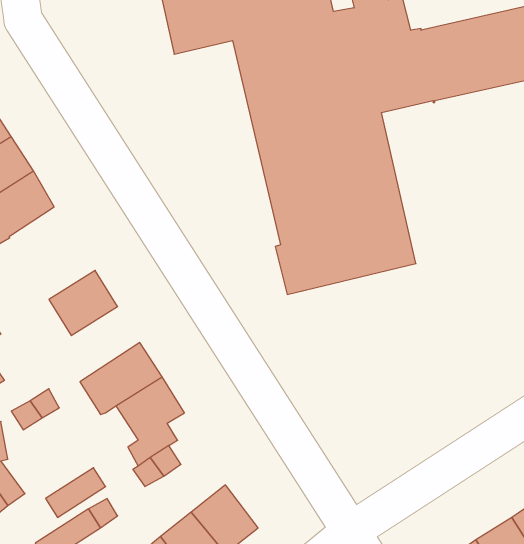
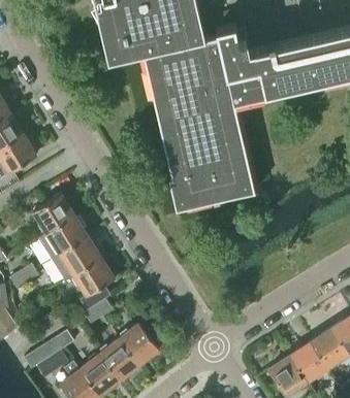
building: none -> [36,217,87,262]

